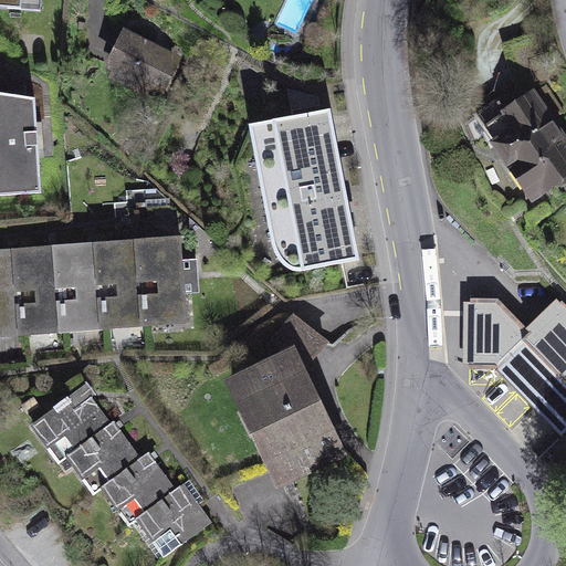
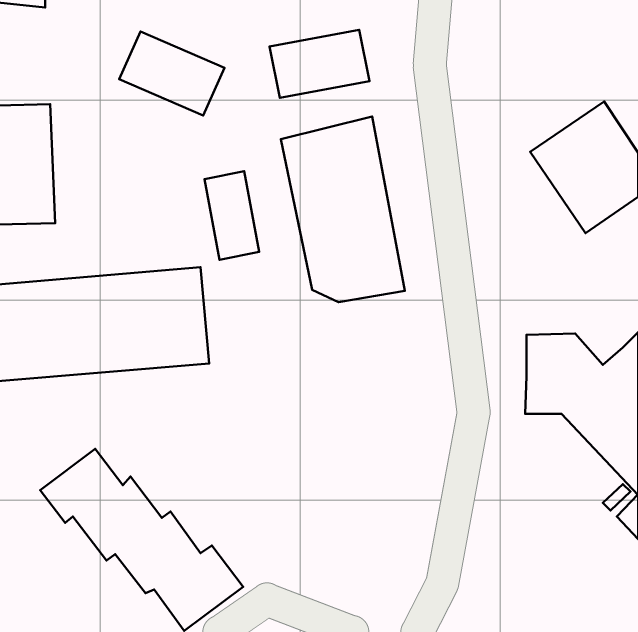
building: none -> [270,30,369,98]
building: none -> [205,171,259,260]
building: [219,313,343,486] -> none

